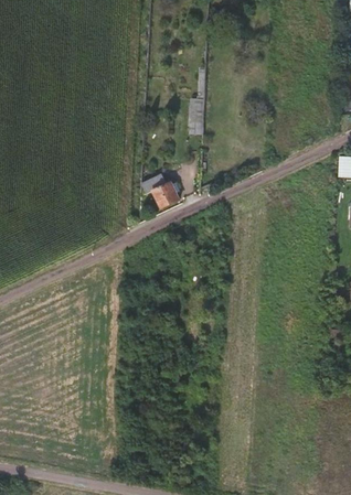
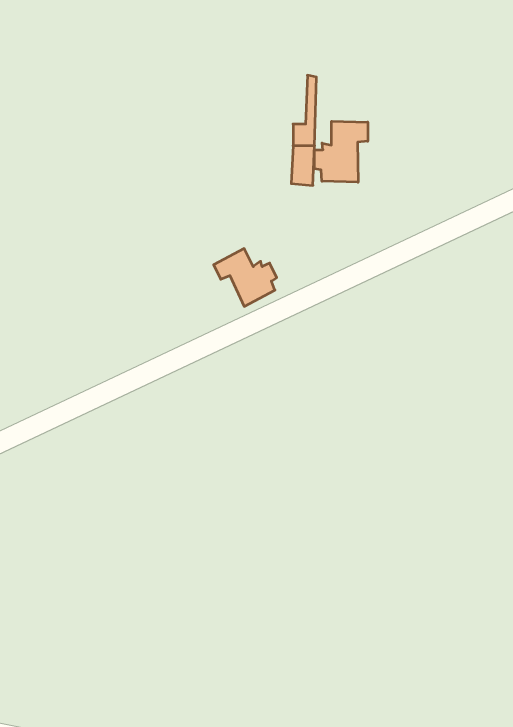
building: none -> [314,121,368,182]

